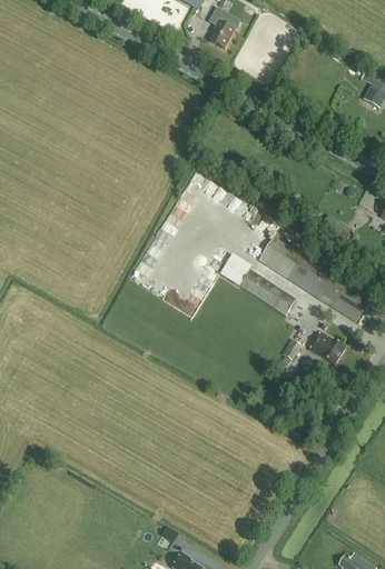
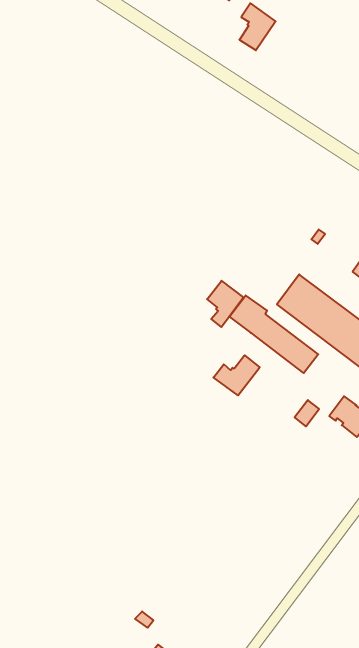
building: none -> [207,281,243,327]
building: none -> [213,355,260,395]

